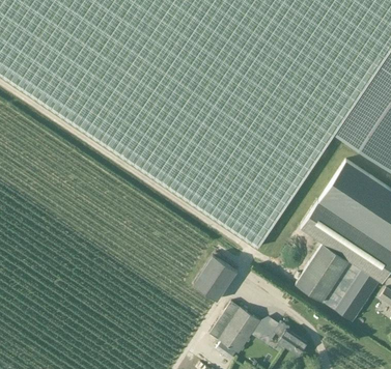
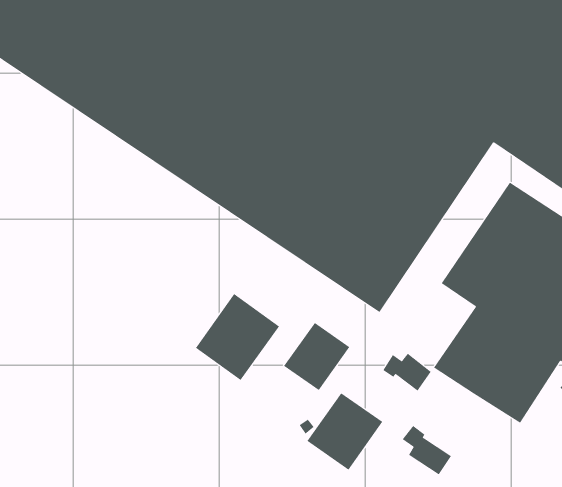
building: none -> [195,293,280,381]
building: none -> [382,353,432,391]

